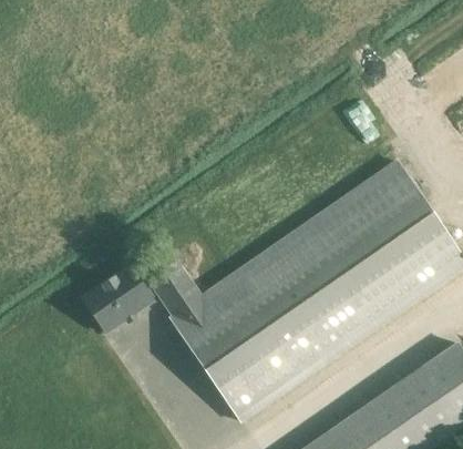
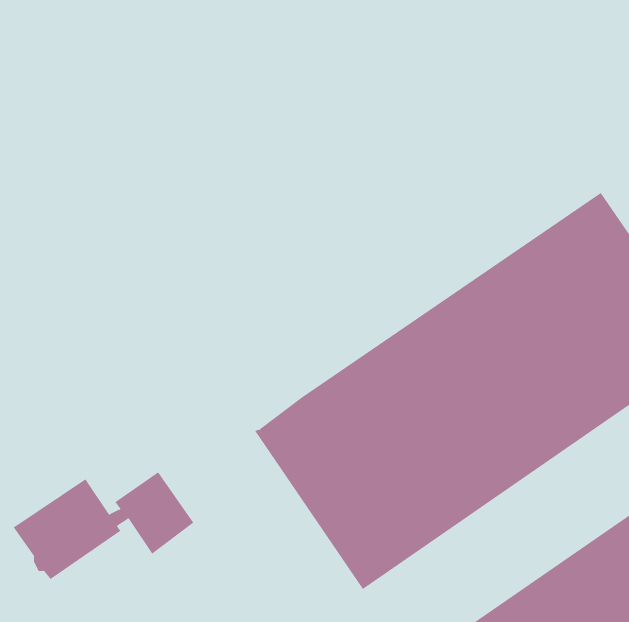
building: [82,262,200,333] -> [13,472,194,580]

